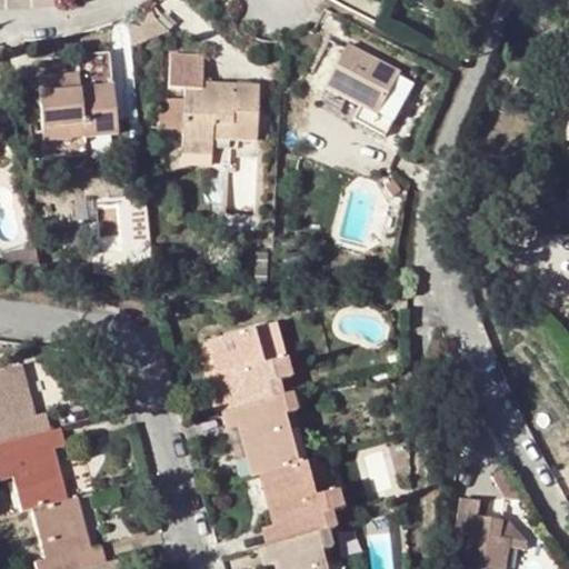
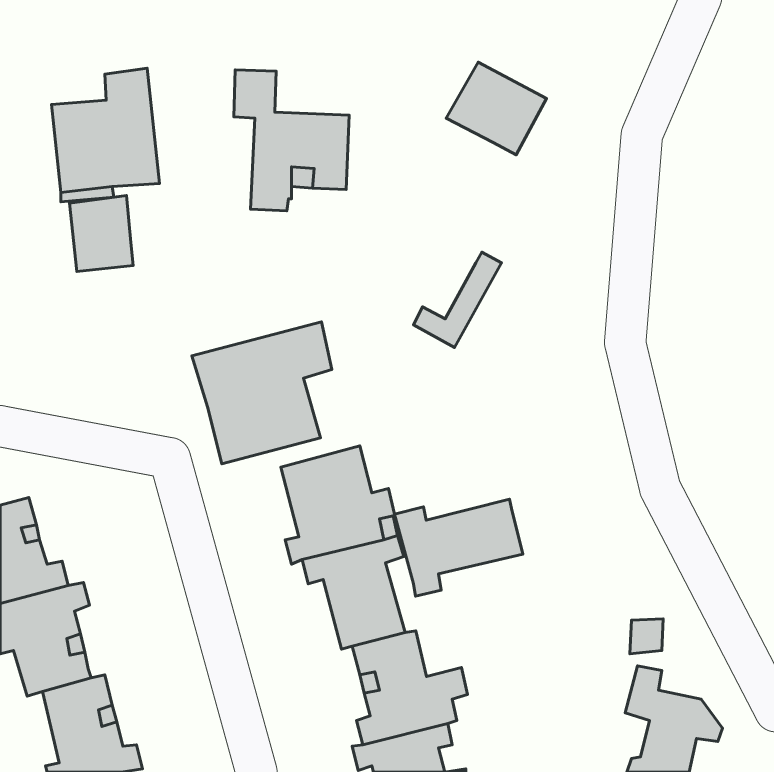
building: [356,64,420,134] -> [413,252,501,348]
building: none -> [69,196,133,272]
building: none -> [192,322,332,464]
building: none -> [395,499,523,596]

